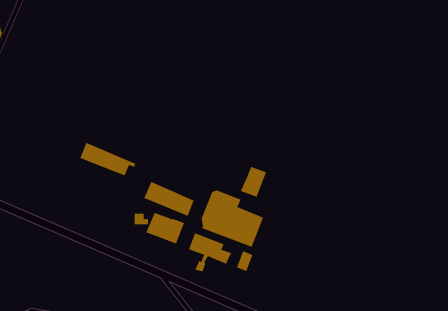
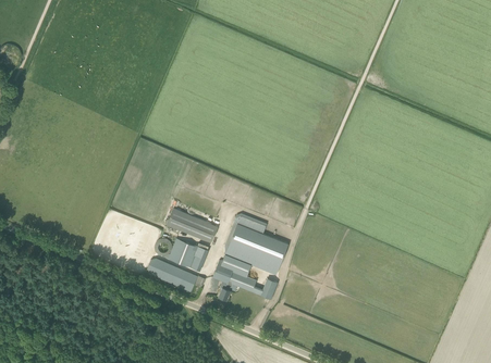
building: [79,142,136,176] -> [144,255,201,290]
building: [240,166,267,198] -> none

